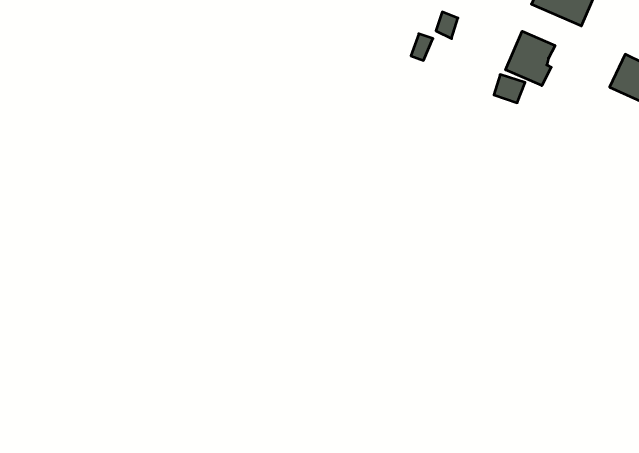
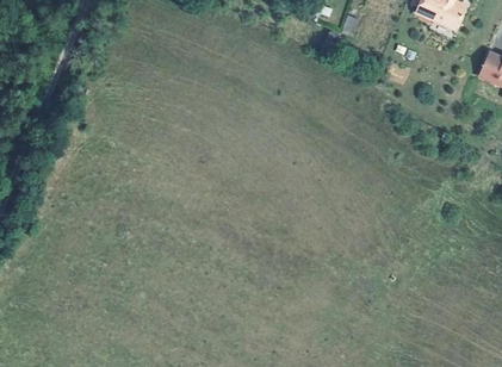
building: [506,31,555,86] -> none

